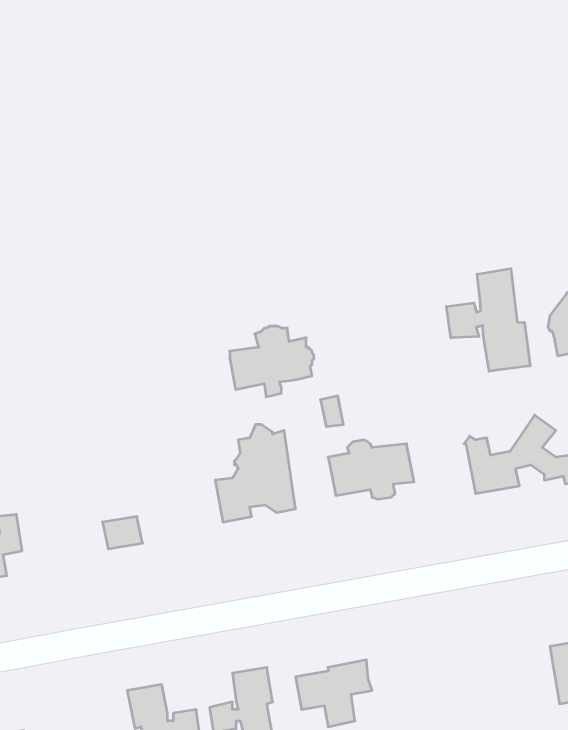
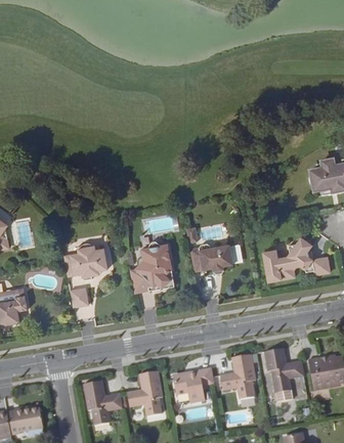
building: [446,269,530,371] -> none
building: [230,326,314,397] -> [63,241,109,279]
building: none -> [265,347,303,392]
building: none -> [220,353,254,398]

